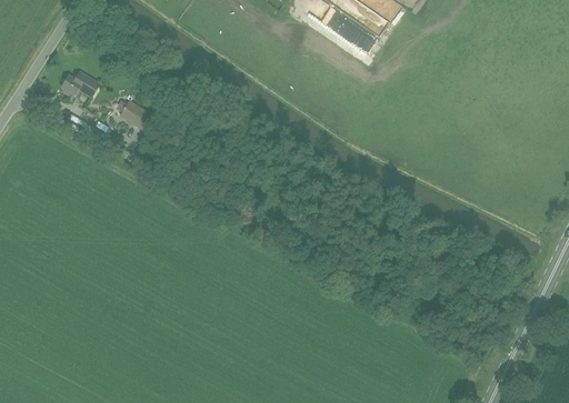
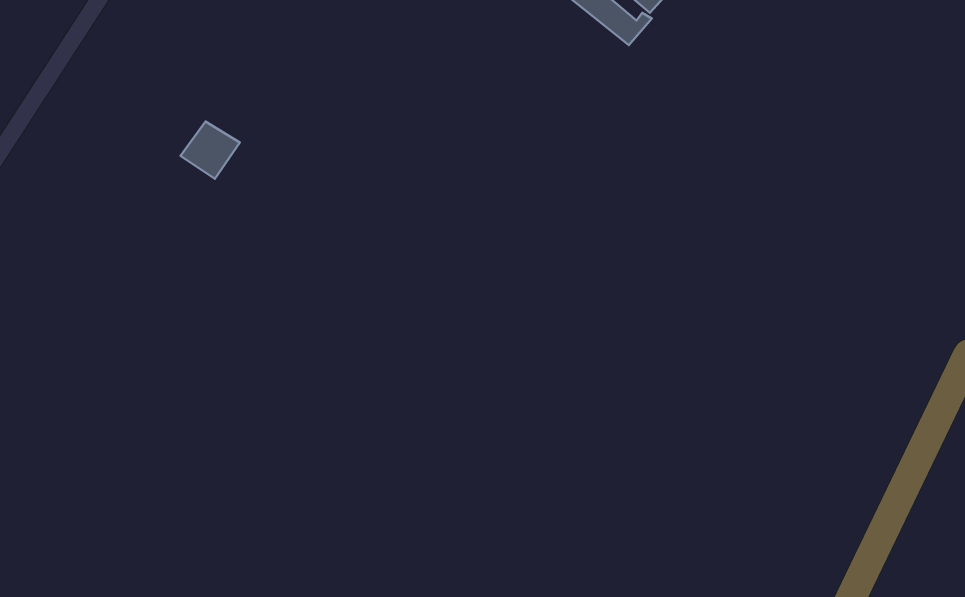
building: [60,70,99,95] -> none

